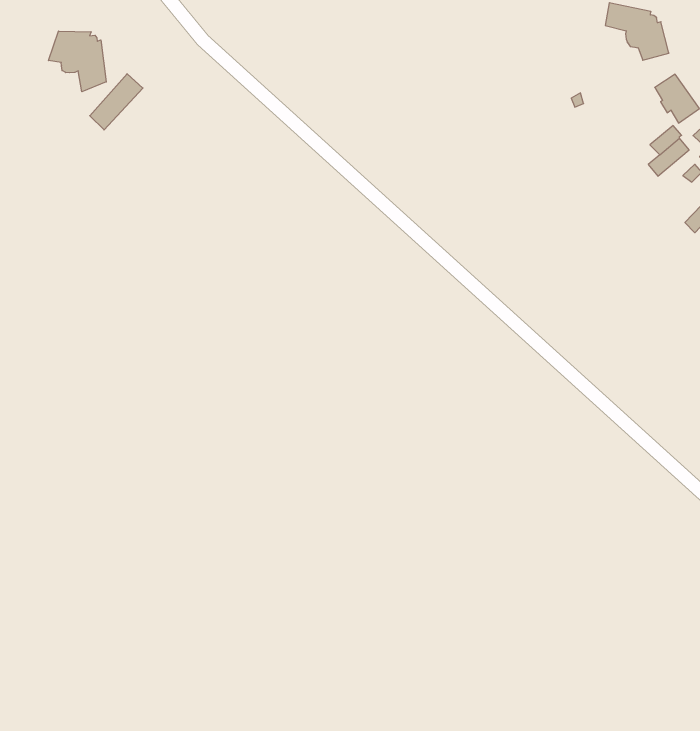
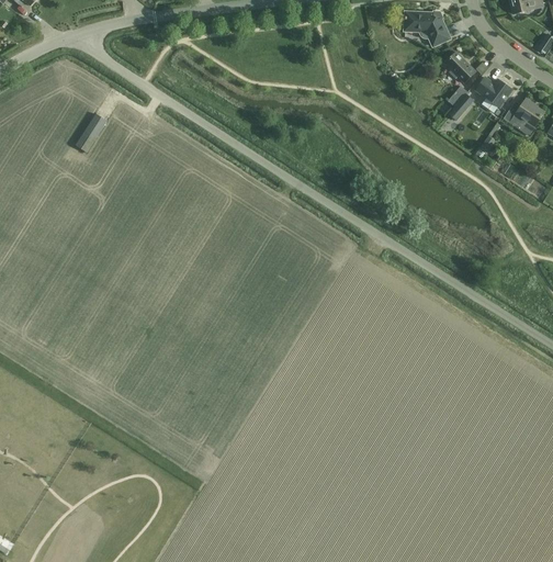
building: [49,31,106,92] -> none

